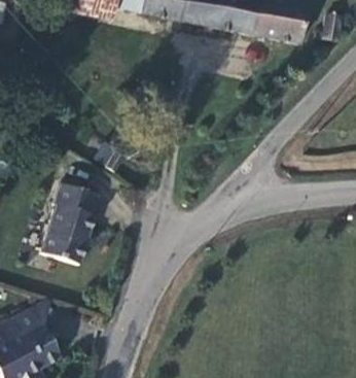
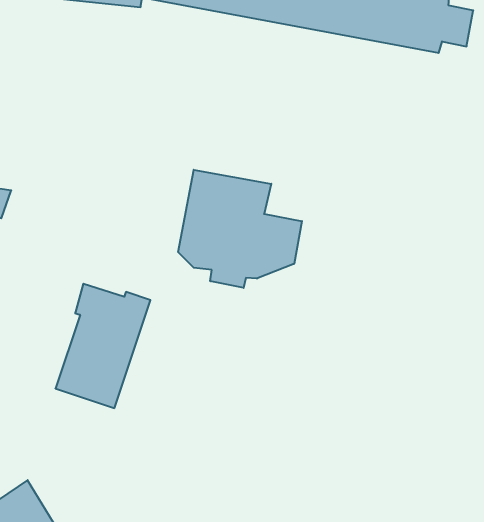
building: none -> [178,170,302,288]

